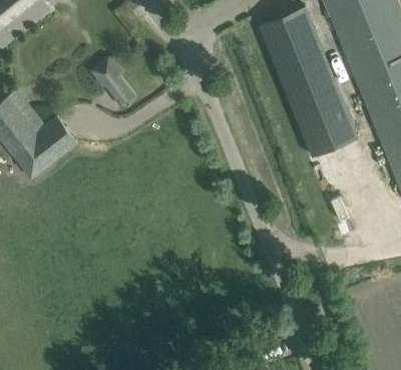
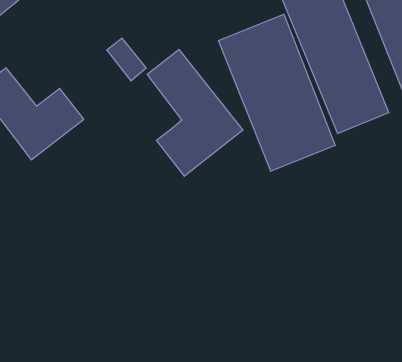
building: none -> [219,14,335,171]
building: none -> [147,49,243,176]

